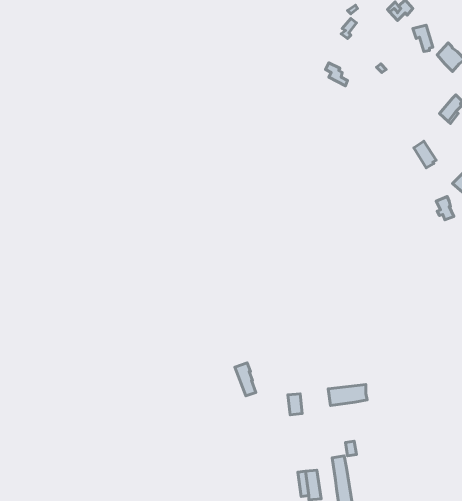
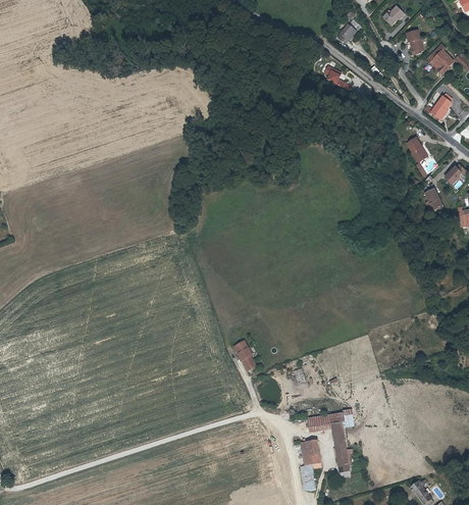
building: [328,384,367,406] -> [306,412,342,432]

